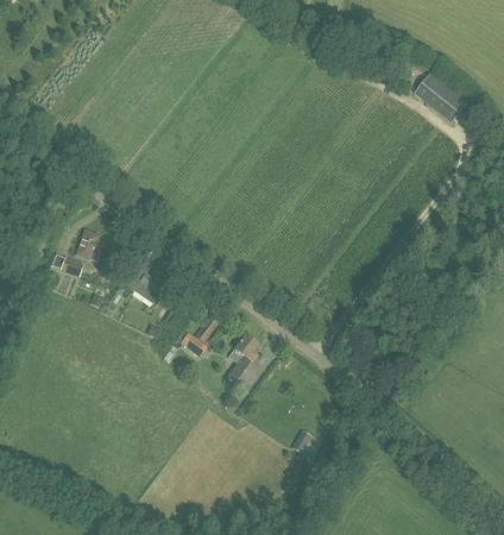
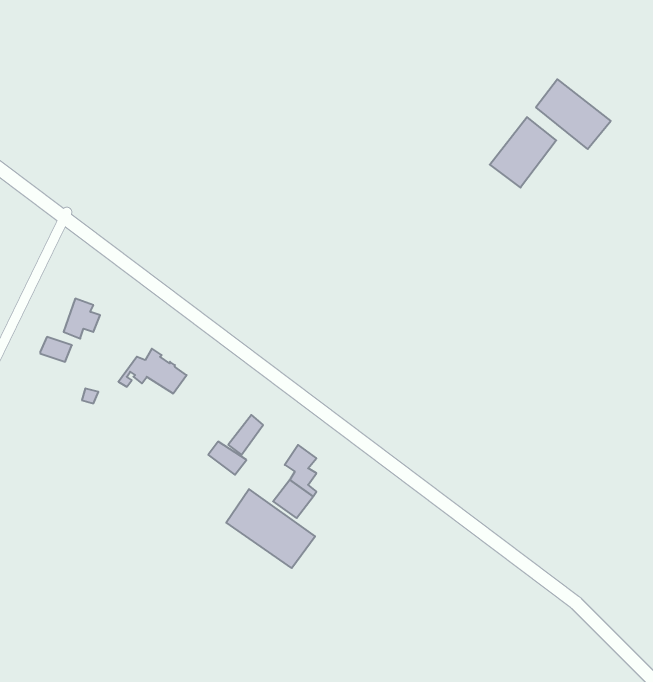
building: none -> [490,117,556,188]
building: none -> [226,489,315,568]

